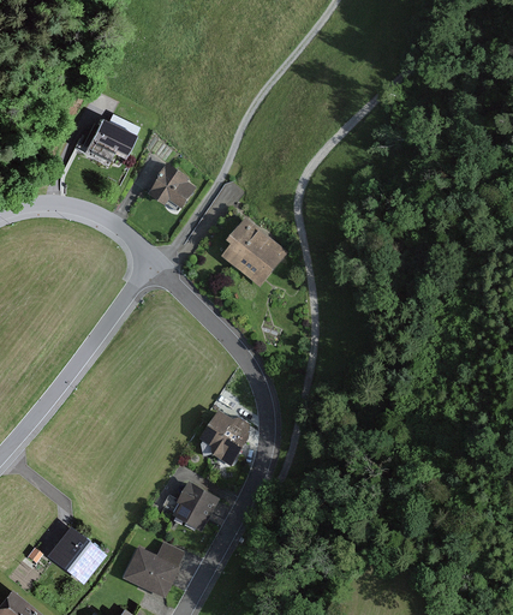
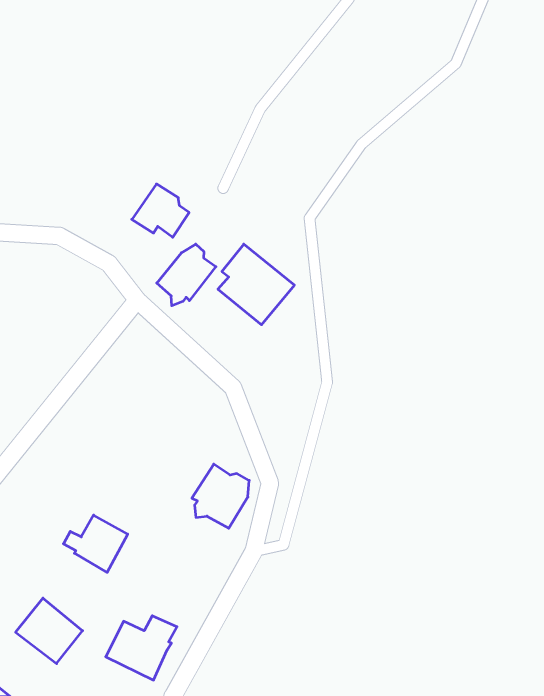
building: [83,114,139,161] -> none
building: none -> [157,244,216,306]
building: [163,480,220,531] -> [63,515,128,572]

